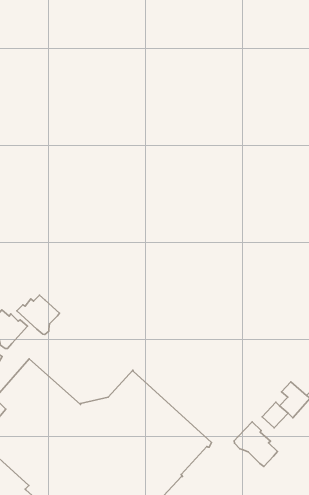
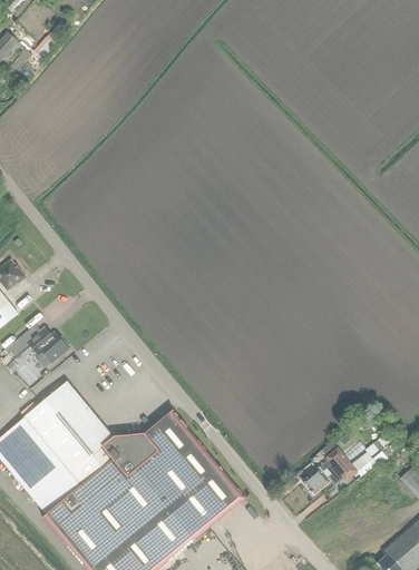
building: [17,295,59,335] -> none
building: [234,422,278,466] -> none

